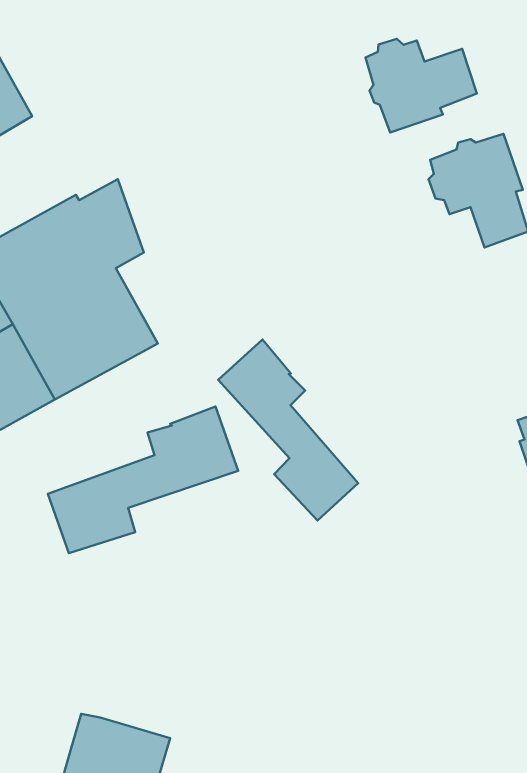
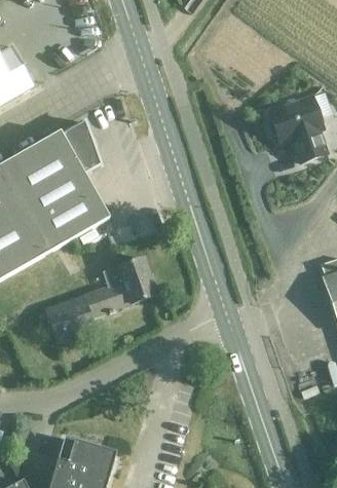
building: [365,39,477,132] -> none
building: [218,339,358,520] -> none

